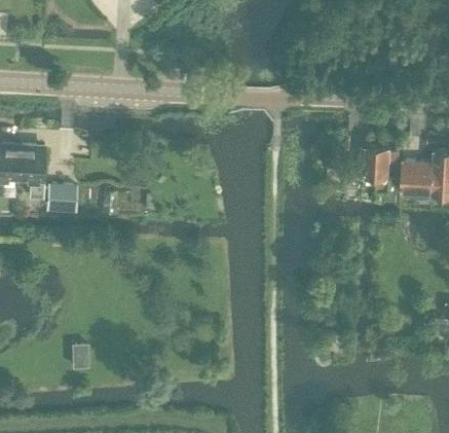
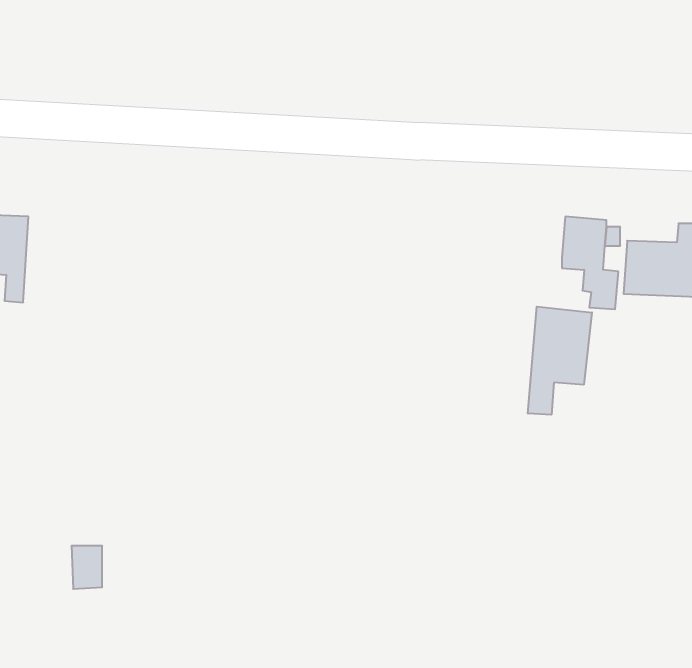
building: [46,185,77,214] -> none
building: none -> [528,307,592,415]

